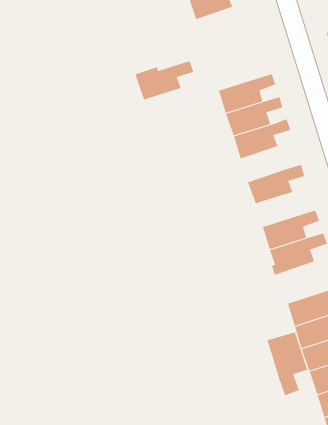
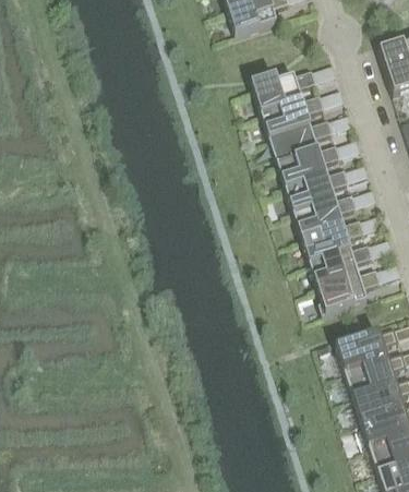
building: [135,60,194,100] -> [253,69,318,112]
building: none -> [287,168,350,213]
building: none -> [303,218,366,262]
building: [267,332,308,396] -> none

